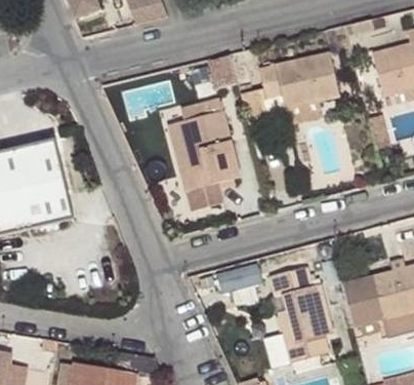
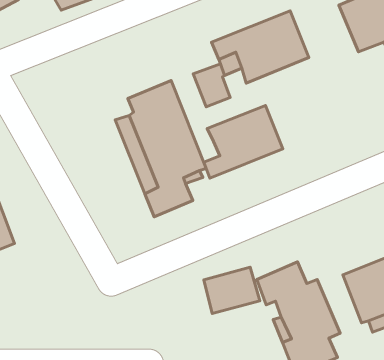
building: none -> [204,106,283,178]

